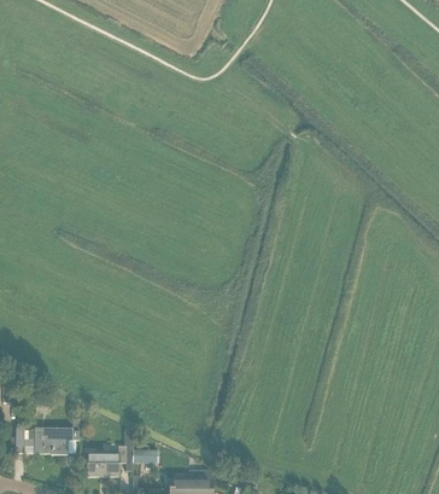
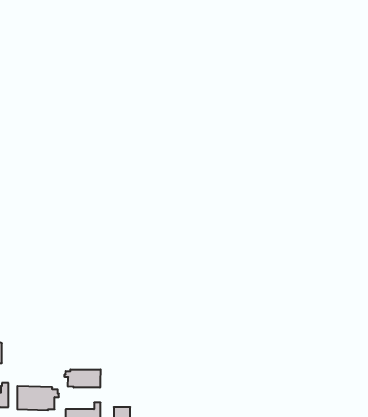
building: none -> [65,369,101,388]

